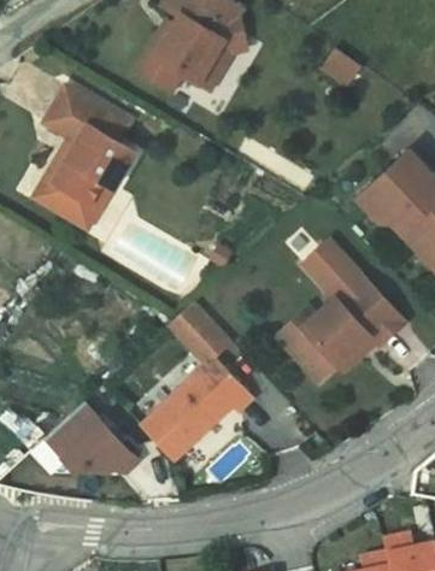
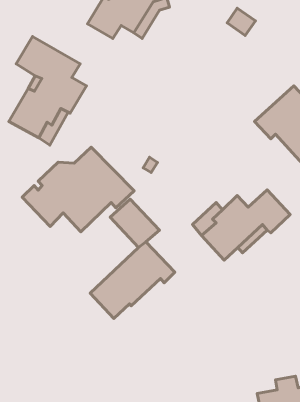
building: none -> [22,147,134,232]
building: [307,241,375,311] -> none
building: [45,412,137,472] -> none

